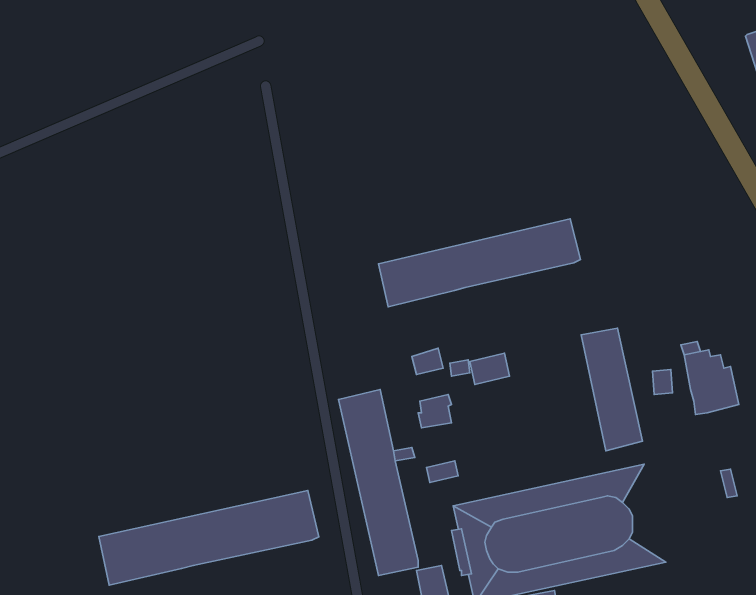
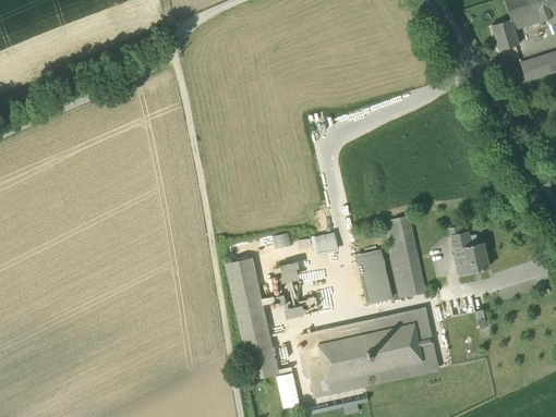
building: [379,219,580,307] -> none
building: none -> [358,249,391,305]
building: none -> [412,307,440,371]
building: [99,491,319,585] -> none

